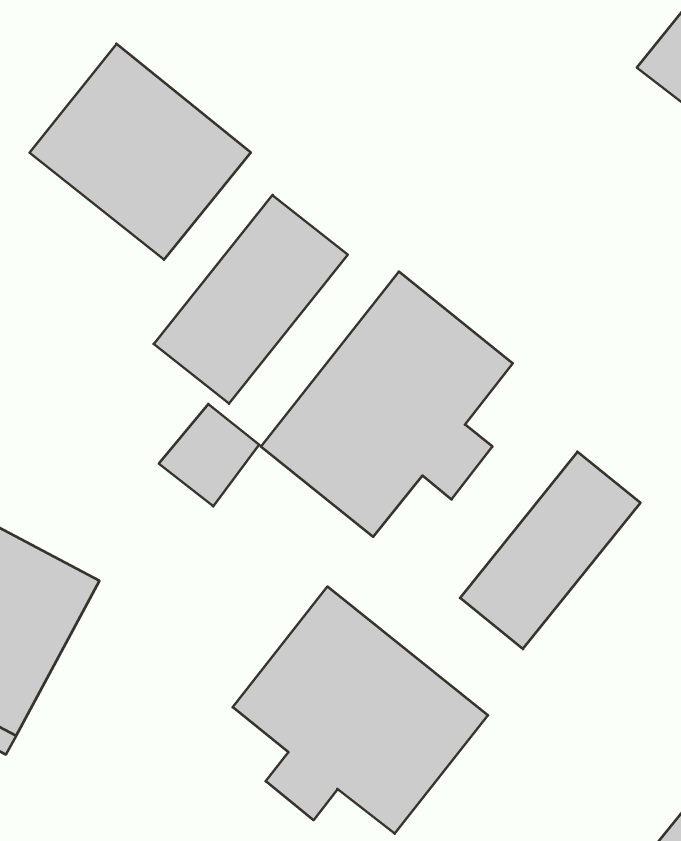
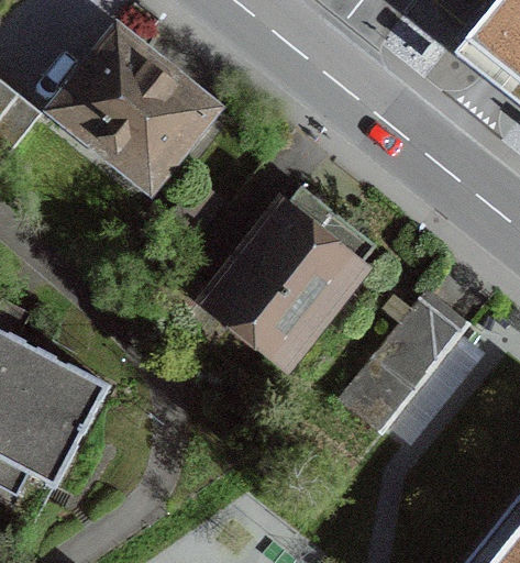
building: [154,195,348,404] -> none
building: [233,587,488,834] -> none

